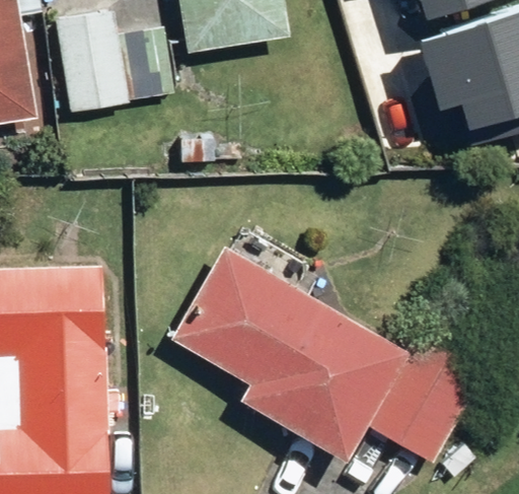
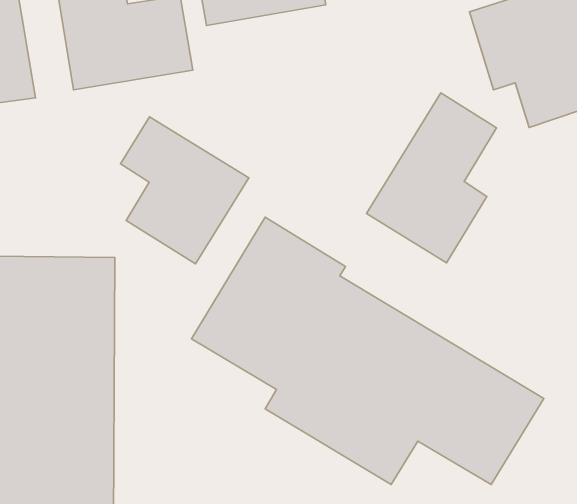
building: none -> [366,93,496,263]
building: none -> [121,117,249,264]

